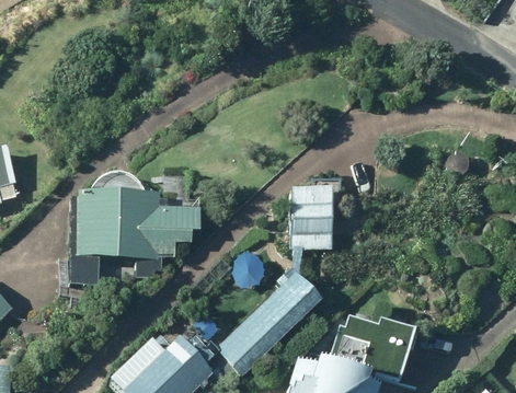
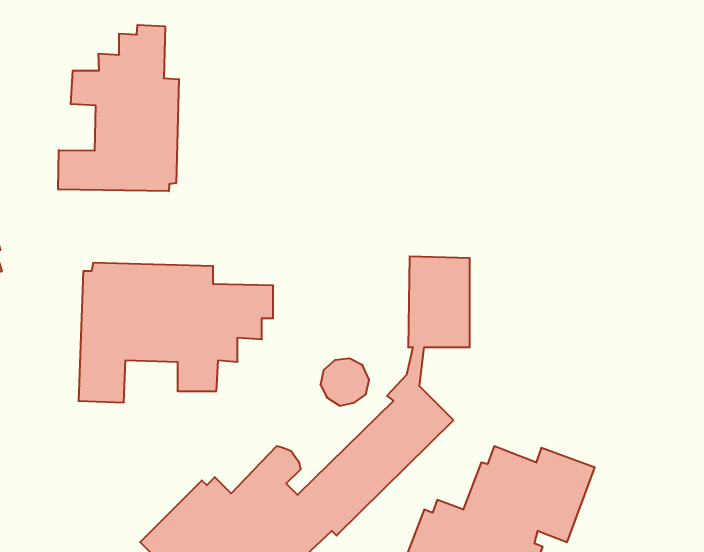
building: none -> [58,25,179,191]

